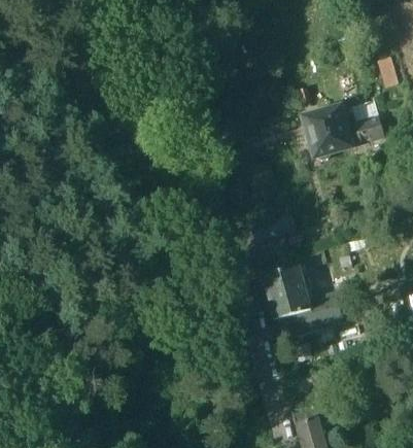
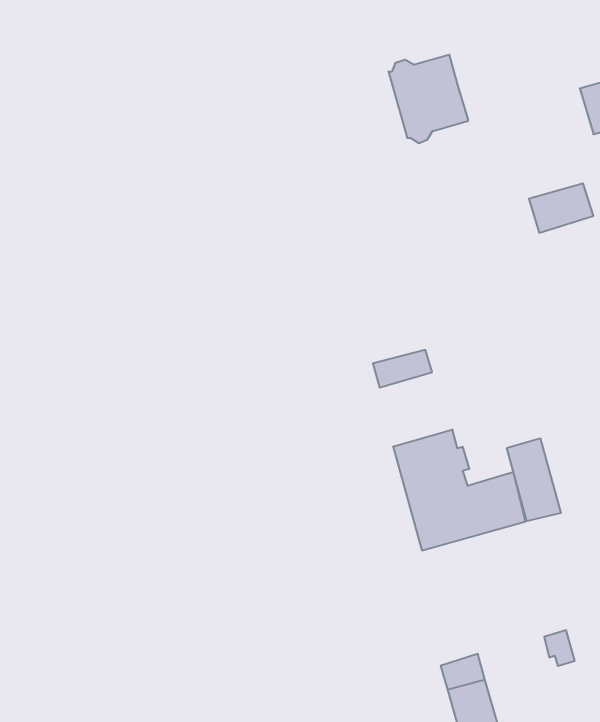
building: [302,106,350,160] -> [388,55,468,143]
building: none -> [507,438,561,521]

